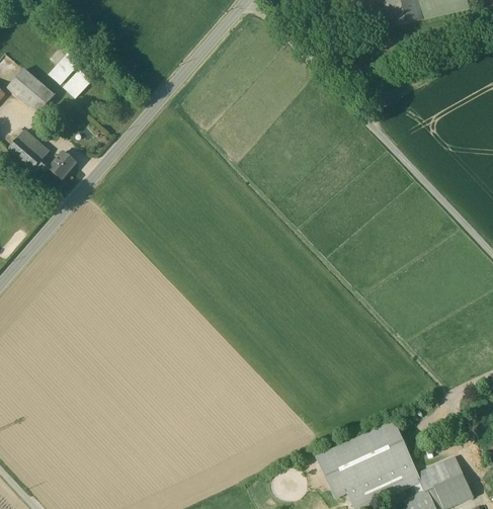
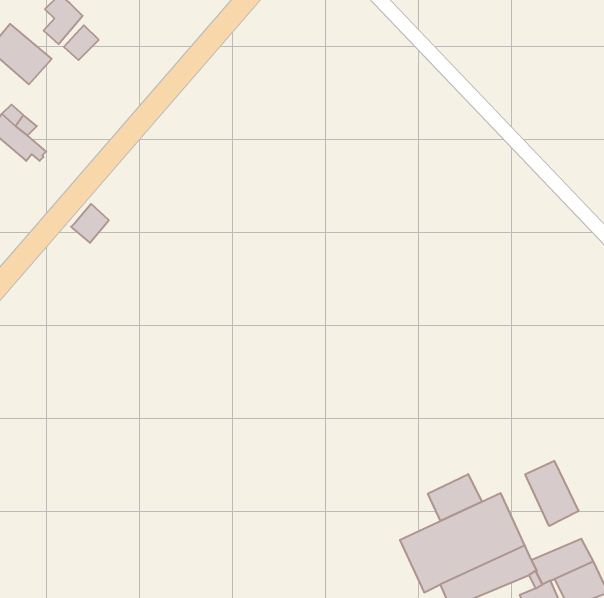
building: [48,149,76,178] -> [71,204,109,243]
building: none -> [525,461,578,526]
building: none -> [428,474,482,521]

